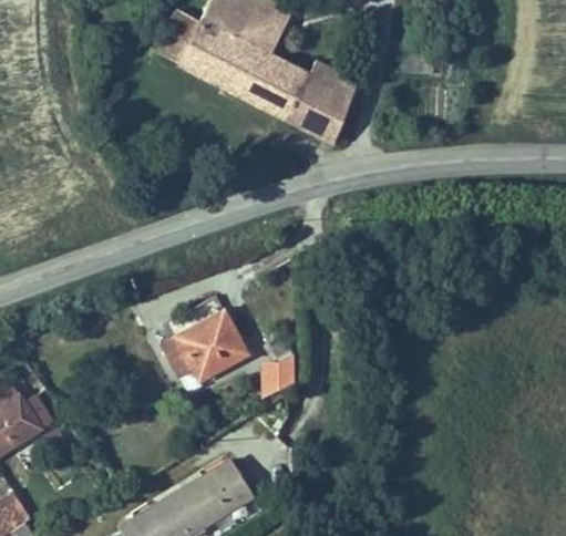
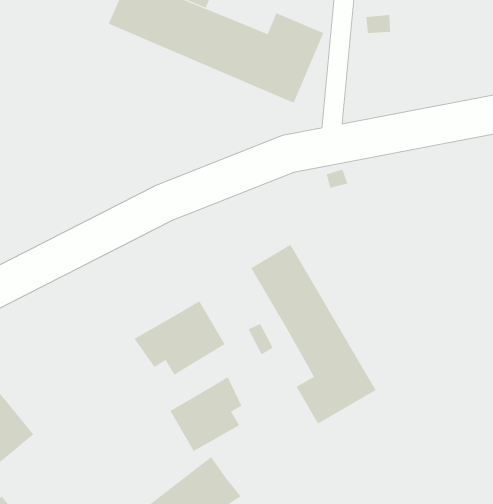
building: none -> [250,244,376,425]
building: none -> [169,376,242,452]

